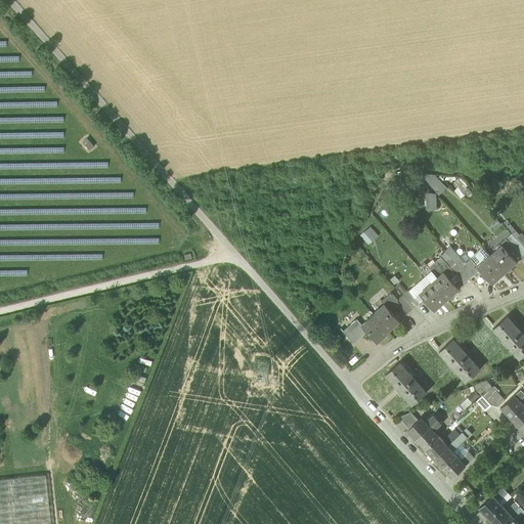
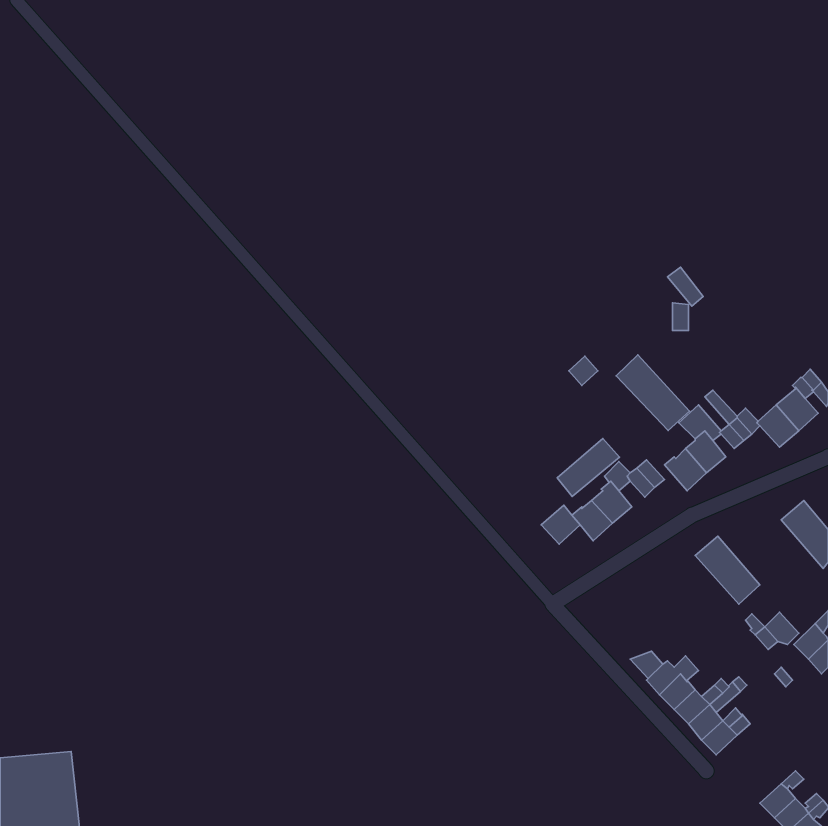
building: none -> [616,355,690,430]
building: none -> [557,439,619,496]
building: [386,363,427,405] -> none

